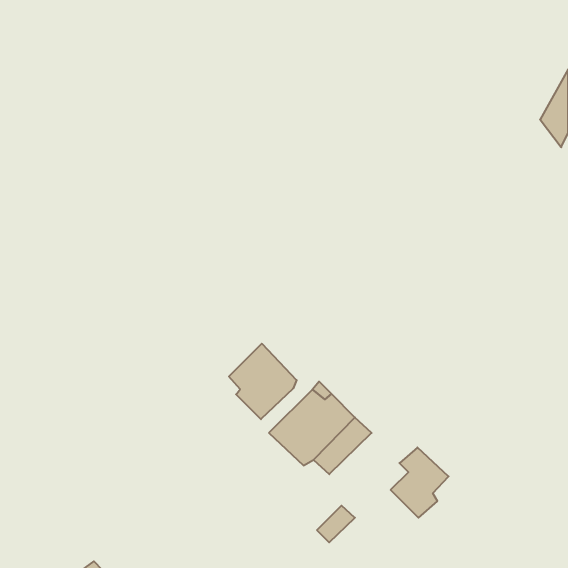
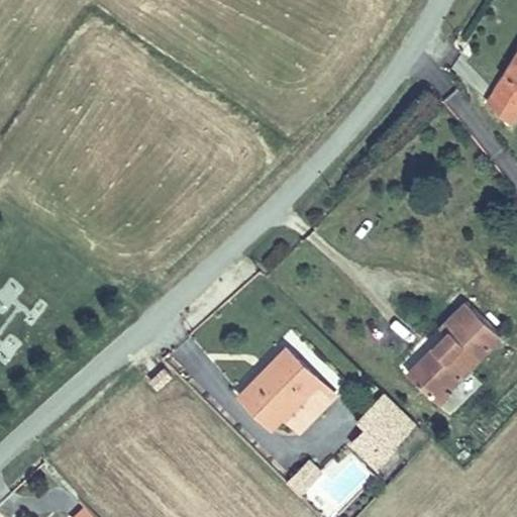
building: none -> [408,302,499,401]
building: [229,344,297,419] -> none

